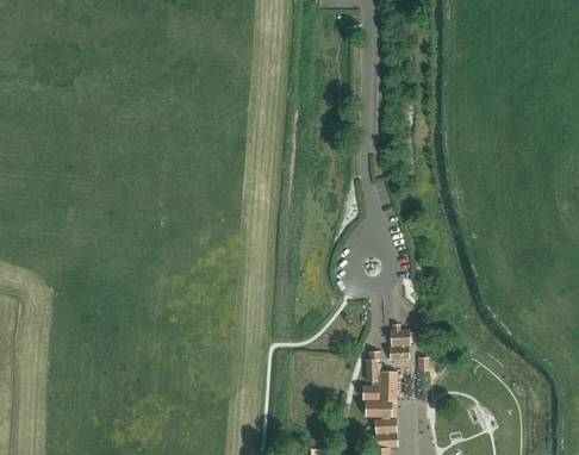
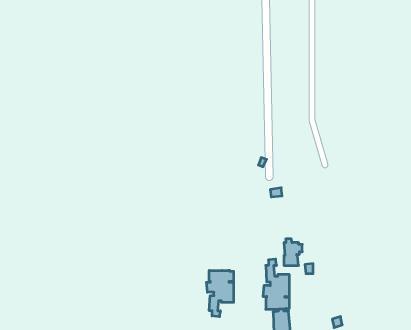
building: none -> [206,270,234,317]

